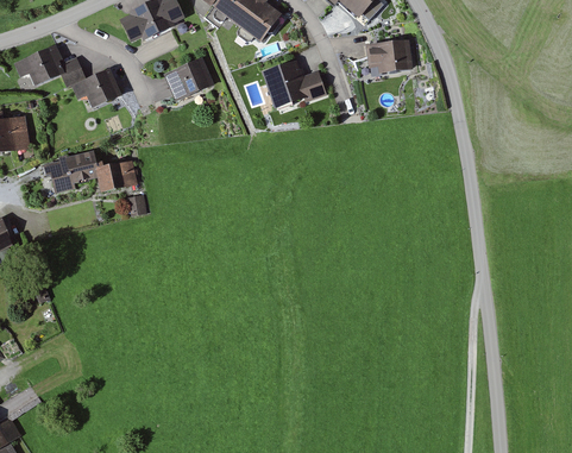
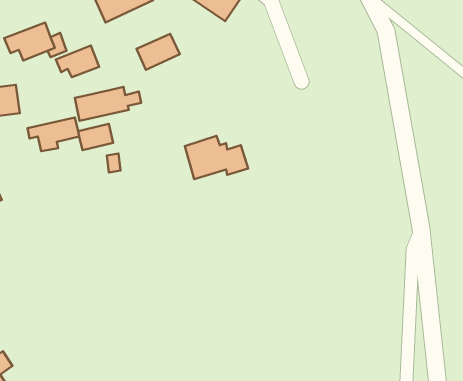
building: [364,39,410,71] -> none
building: [257,58,328,107] -> [185,136,248,179]
building: none -> [75,87,141,121]

